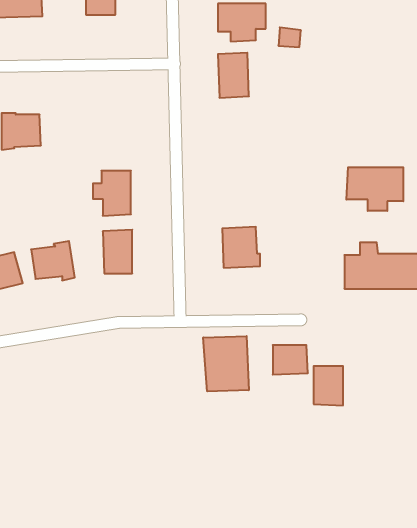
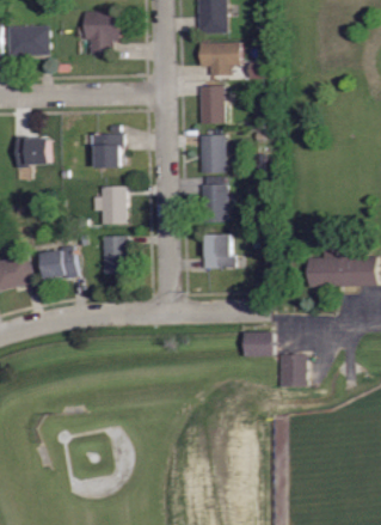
building: none -> [92,133,125,166]
building: none -> [201,134,226,172]
building: none -> [202,177,227,221]
building: [346,167,403,211] -> none
building: [203,336,249,391] -> none

